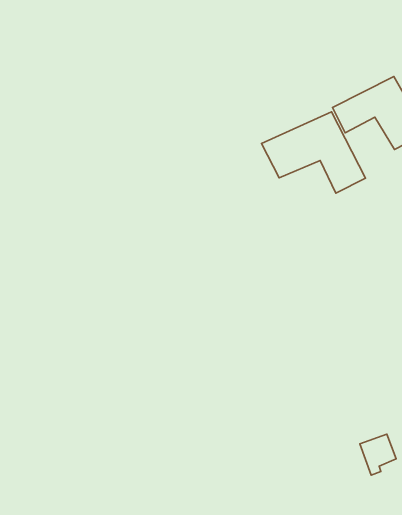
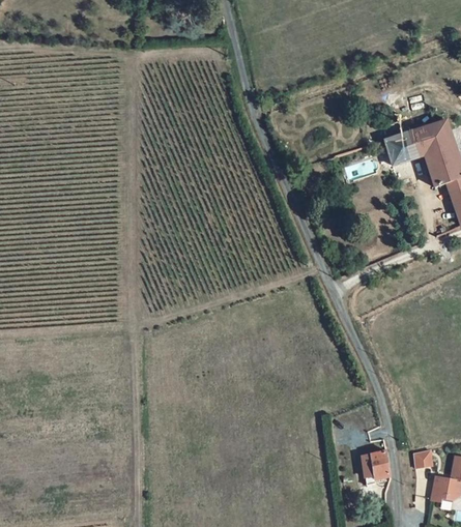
building: [262,112,366,193] -> none

